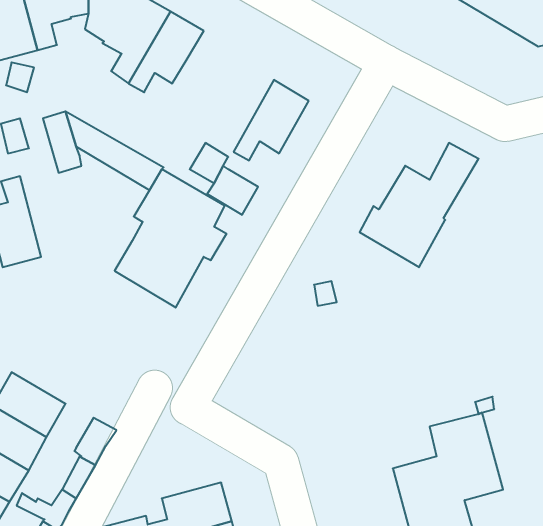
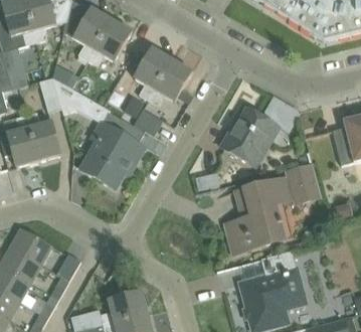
building: none -> [134,47,172,100]
building: none -> [26,112,61,160]
building: none -> [224,150,320,254]

